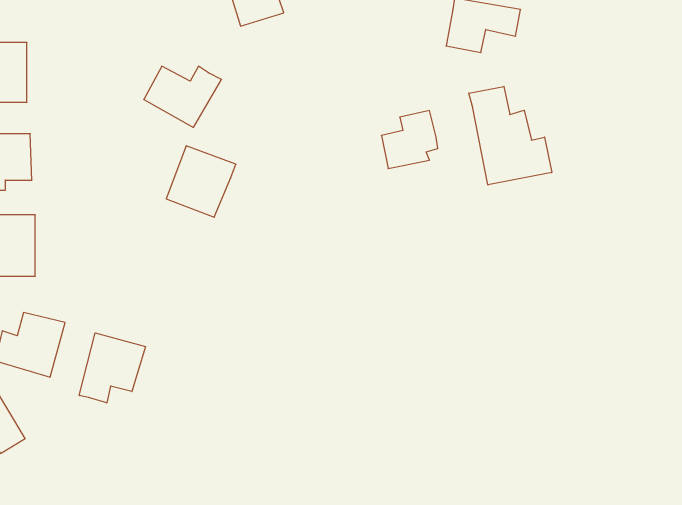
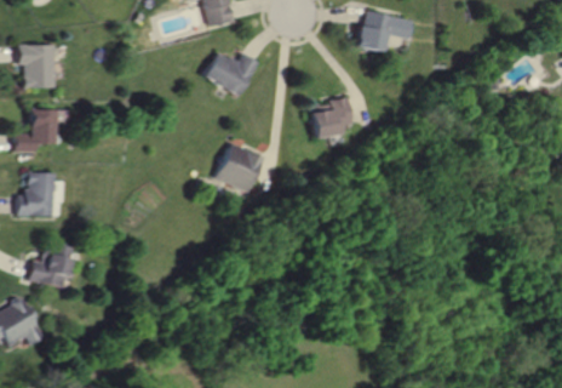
building: [144,66,222,127] -> [203,53,260,98]
building: [469,86,552,185] -> none
building: [166,146,236,217] -> [213,142,264,194]
building: [79,333,145,403] -> none

